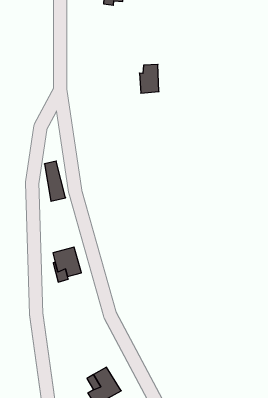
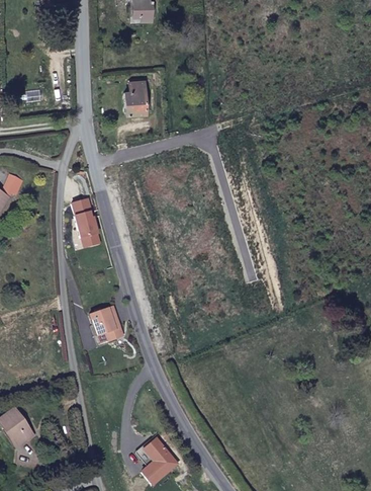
building: [139,64,159,93] -> [128,83,152,116]

